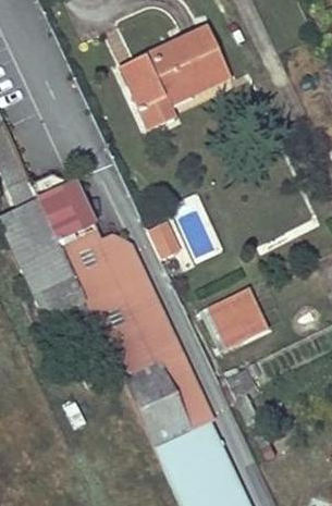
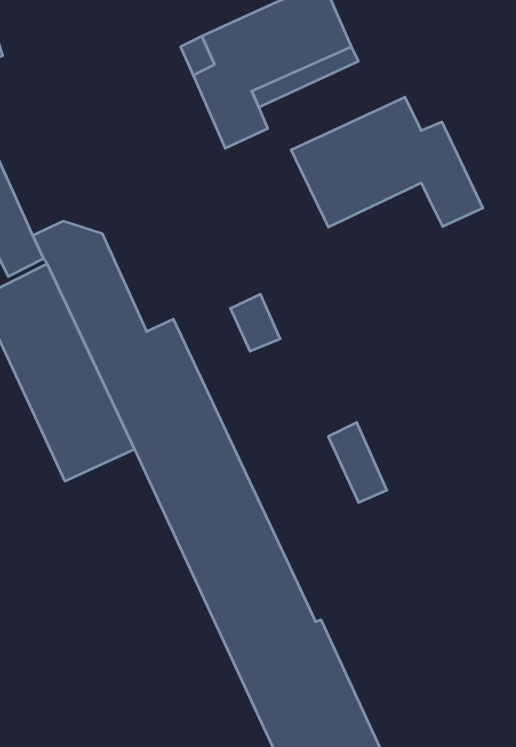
building: none -> [291,97,483,227]
building: [229,287,269,338] -> none

